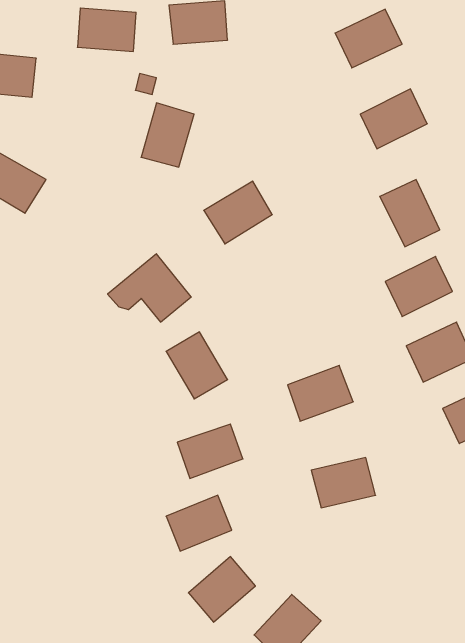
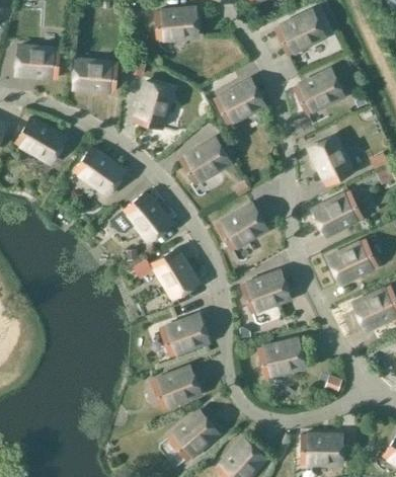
building: [77,8,136,51] -> [76,60,118,91]
building: none -> [216,81,264,125]
building: none -> [76,146,126,193]
building: none -> [218,205,266,250]
building: none -> [302,433,343,462]

